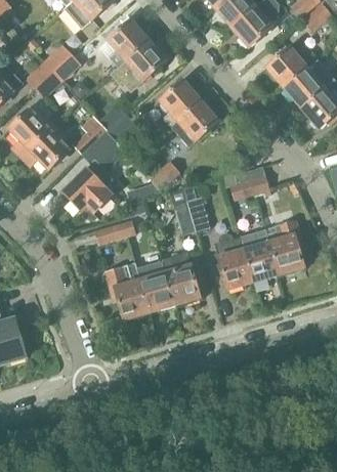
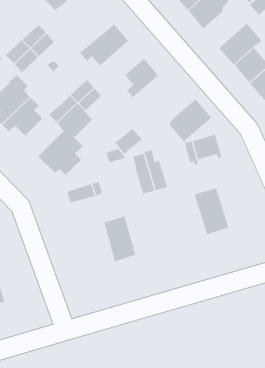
building: [99,20,150,67] -> none
building: [168,99,218,149] -> [168,99,212,143]
building: [267,219,304,272] -> none
building: [215,232,254,288] -> none
building: [162,252,200,303] -> none
building: [106,262,150,318] -> none

